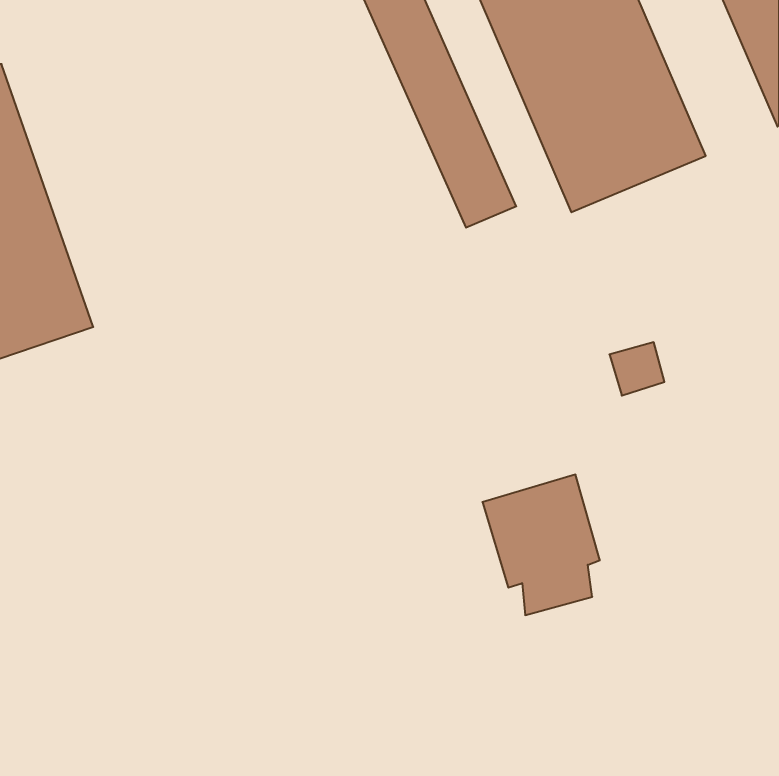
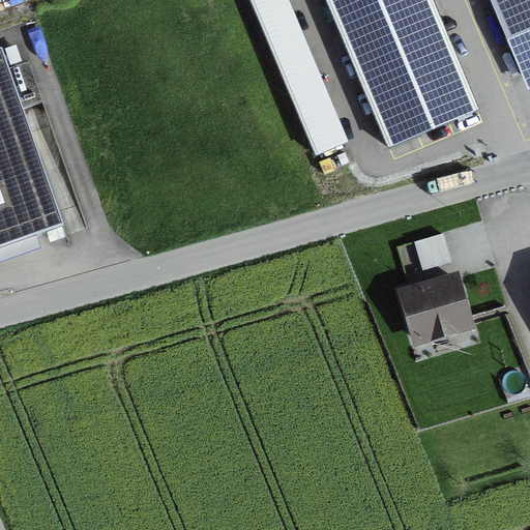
building: [482,475,600,615] -> [394,270,474,365]

